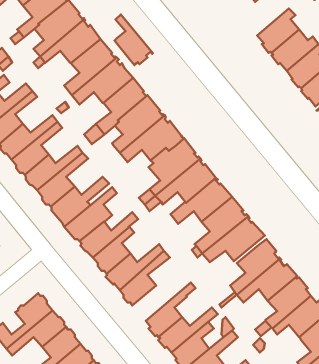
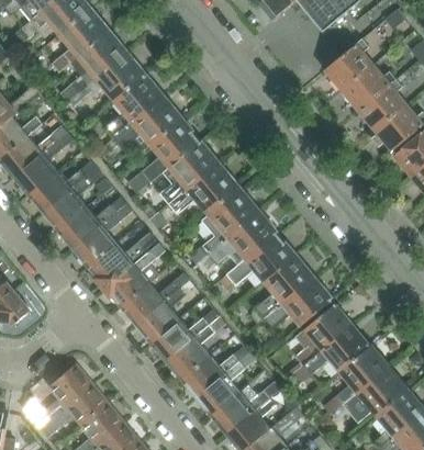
building: [115,15,153,65] -> none
building: none -> [182,345,249,396]

